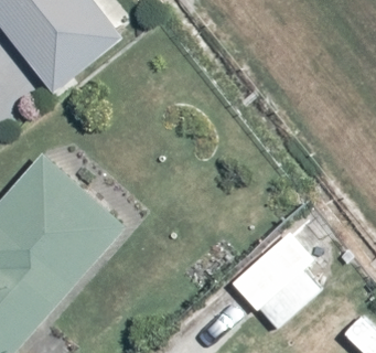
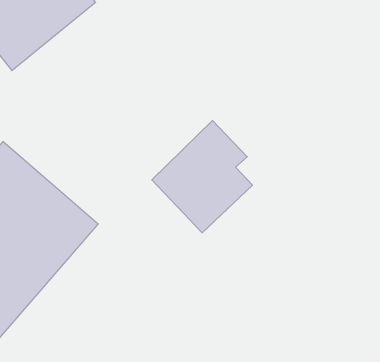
building: [233,234,319,330] -> [152,121,252,233]

